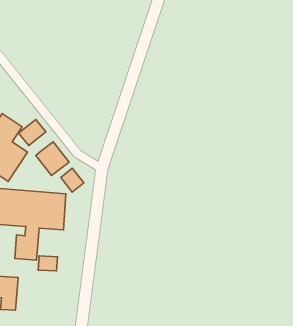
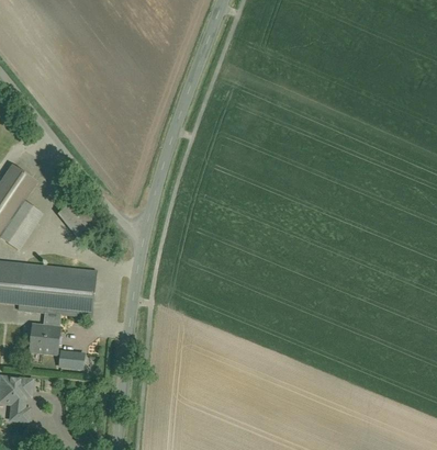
building: [19,120,46,145] -> none
building: [61,168,84,192] -> none

